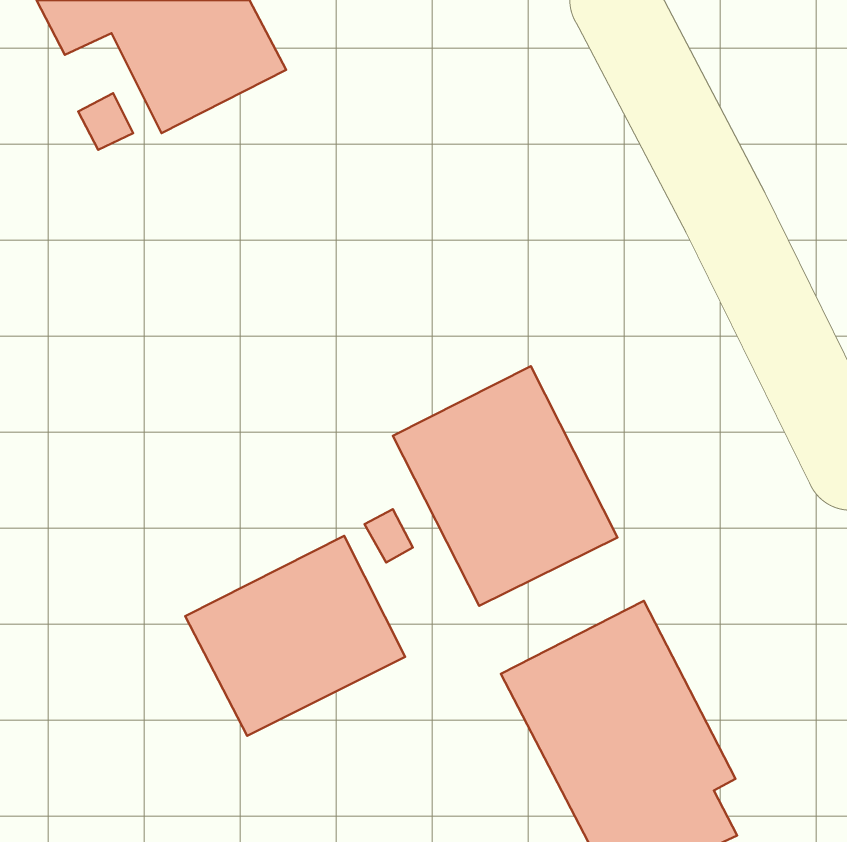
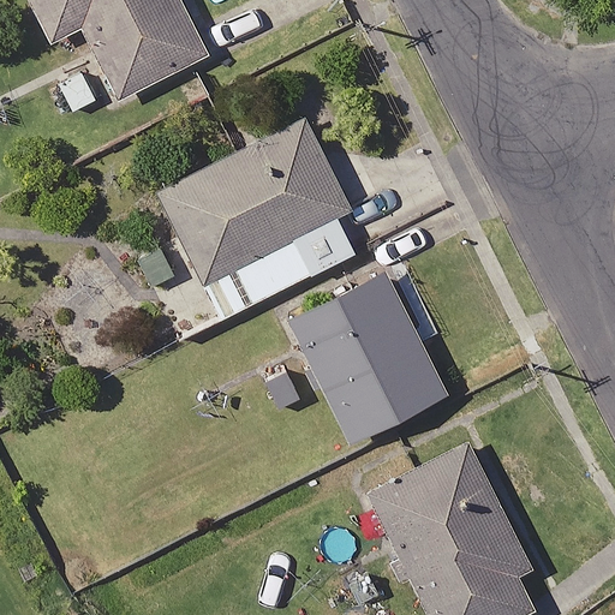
building: none -> [156,118,353,286]
building: [185,536,405,736] -> none

